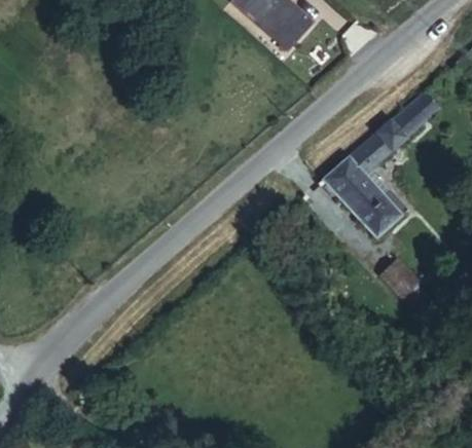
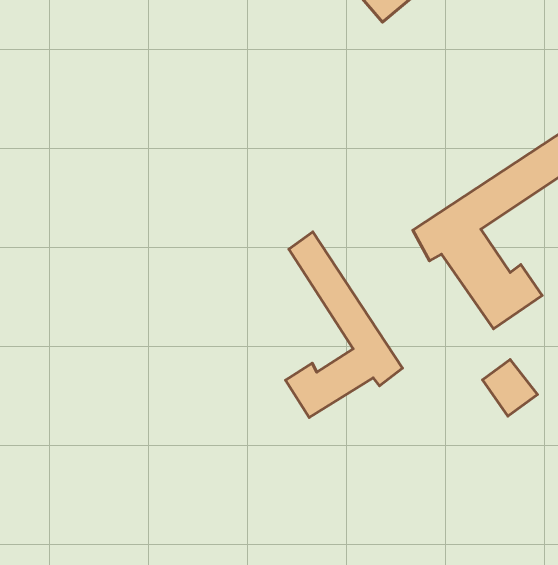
building: none -> [286,232,402,418]

